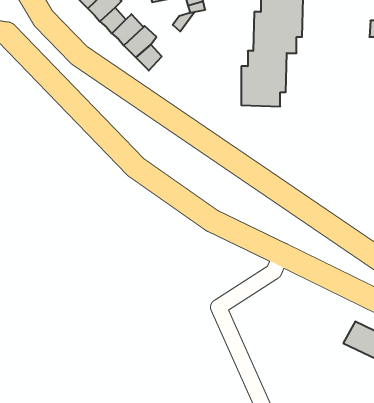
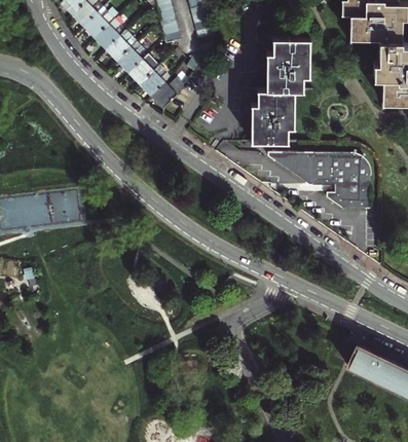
building: none -> [267,155,372,211]

